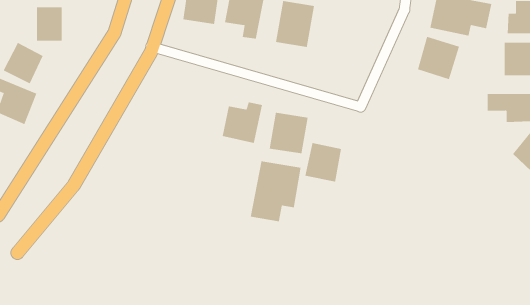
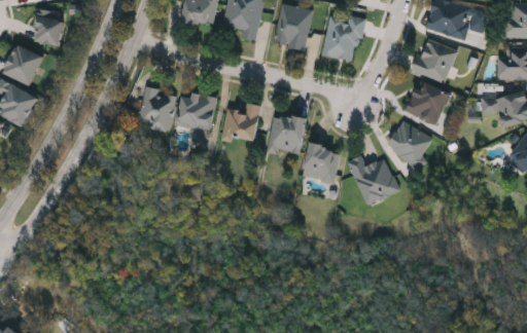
building: none -> [323,12,363,62]
building: none -> [407,80,450,124]
building: none -> [138,88,176,133]
building: none -> [177,92,217,132]
building: none -> [386,120,434,168]
building: none -> [348,155,398,205]
building: [250,161,301,222] -> none

